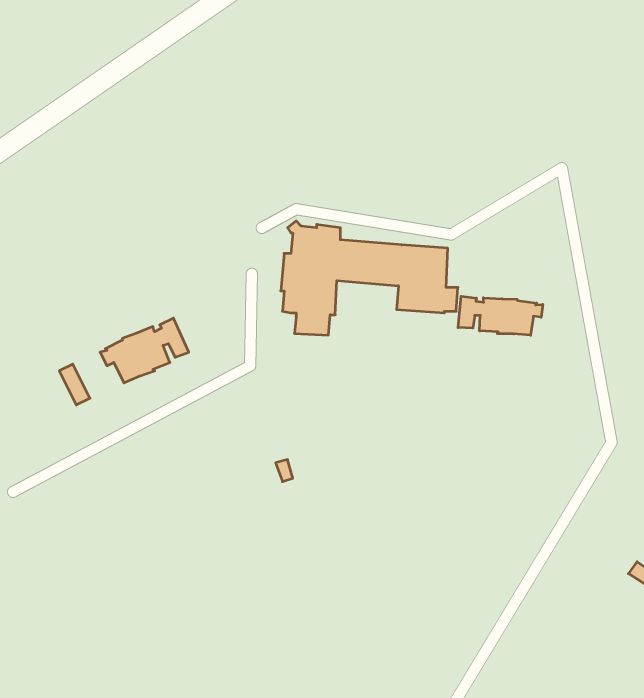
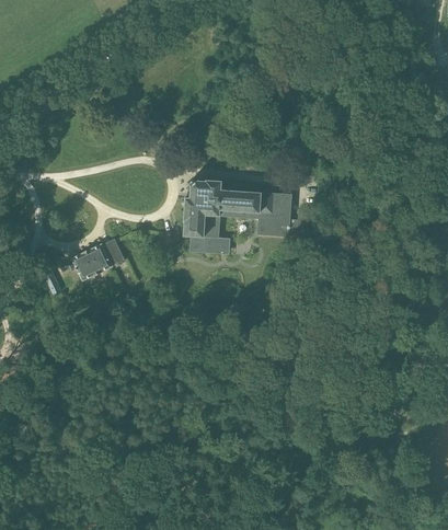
building: [458,296,543,335] -> none

